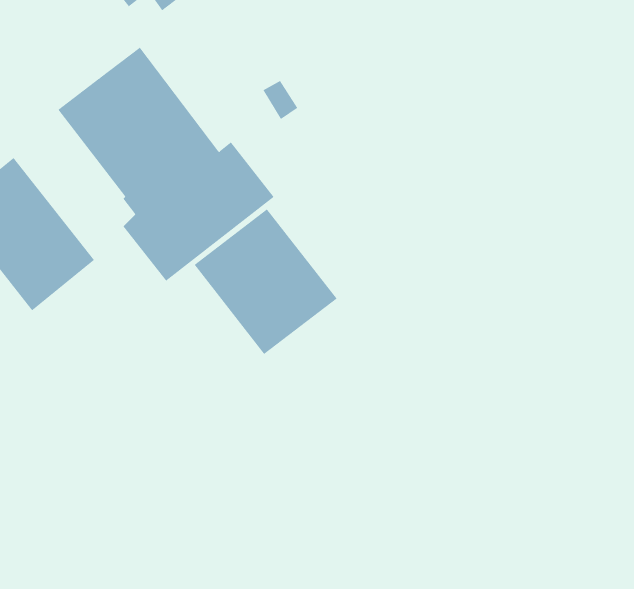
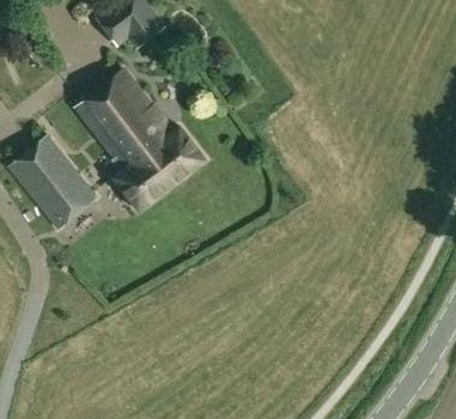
building: [194,209,337,355] -> none

